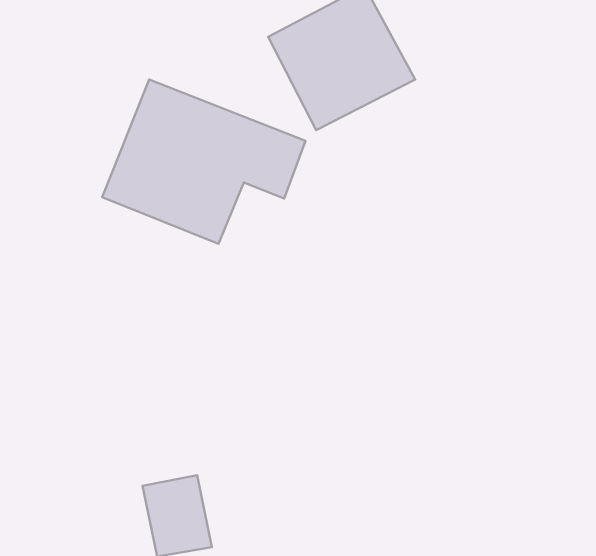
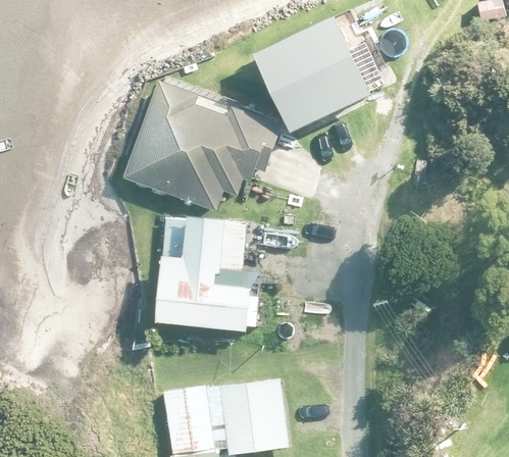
building: none -> [156,215,256,319]
building: none -> [221,366,294,440]

